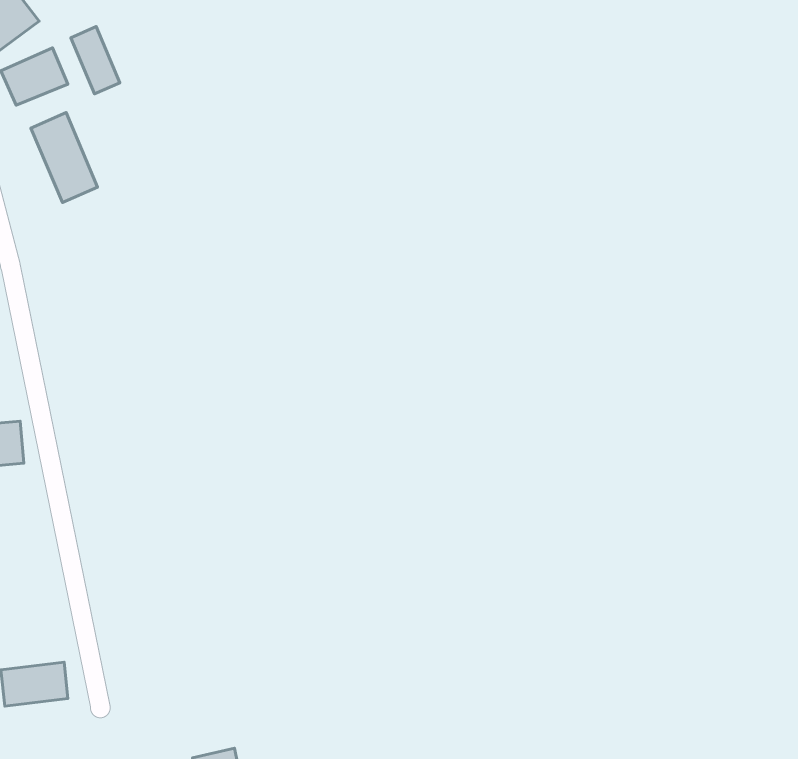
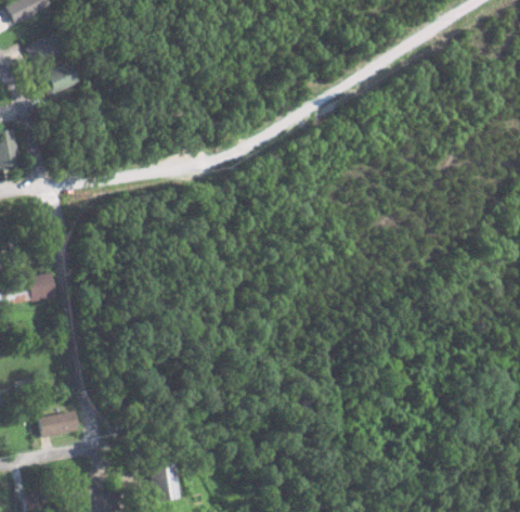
building: [71,26,120,94] -> none
building: [31,113,97,203] -> none

